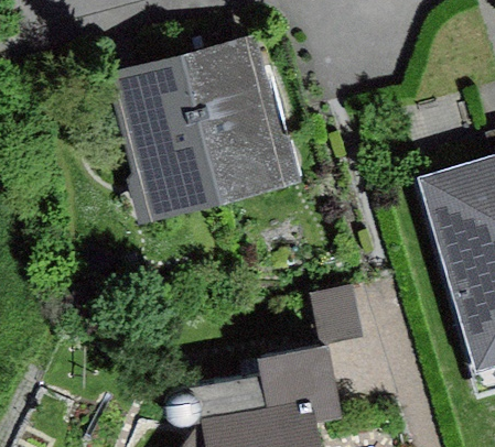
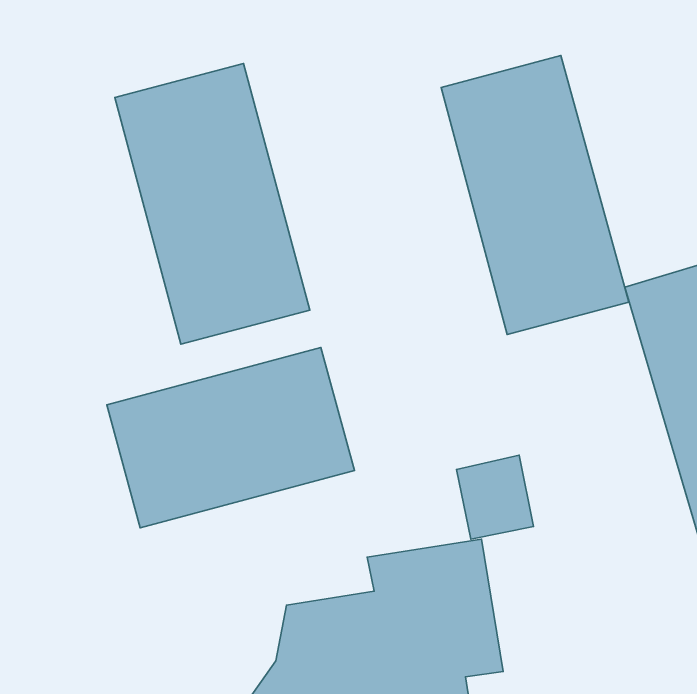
building: [185,29,301,200] -> [441,55,629,334]
building: none -> [107,347,354,528]

